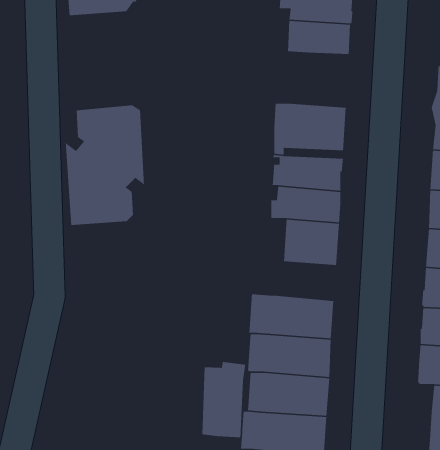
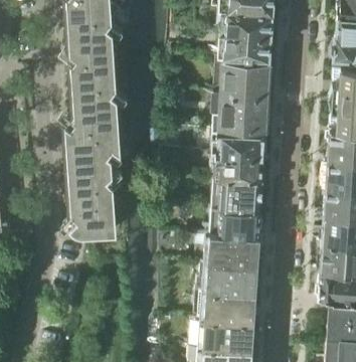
building: none -> [65,28,117,100]
building: none -> [217,57,270,98]
building: none -> [66,181,117,236]
building: none -> [211,209,260,238]
building: [201,361,246,438] -> none

